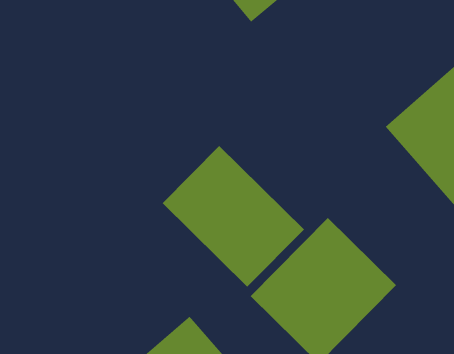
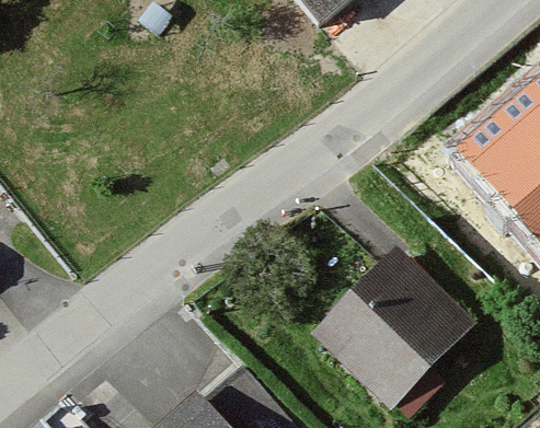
building: [162,145,305,288] -> none

